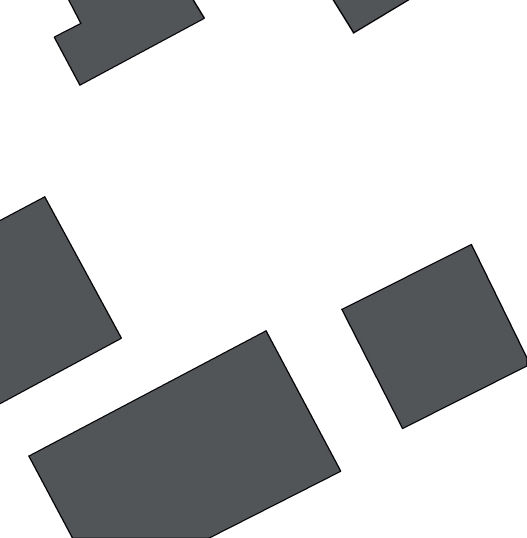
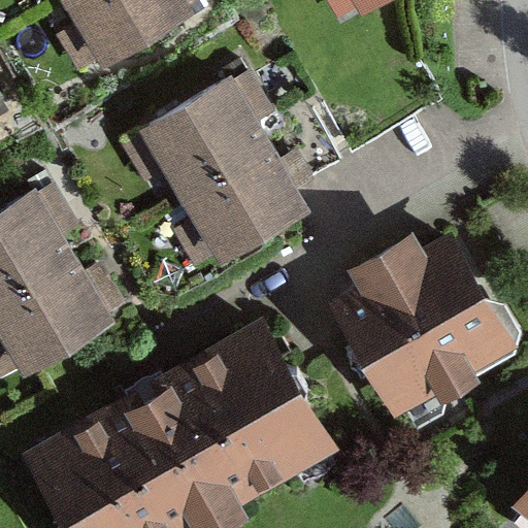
building: none -> [120,76,315,278]

